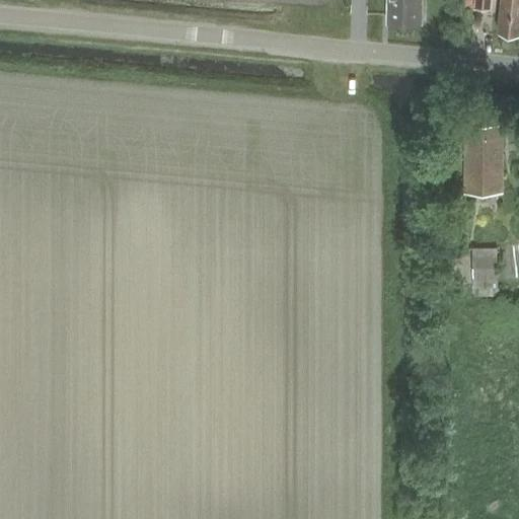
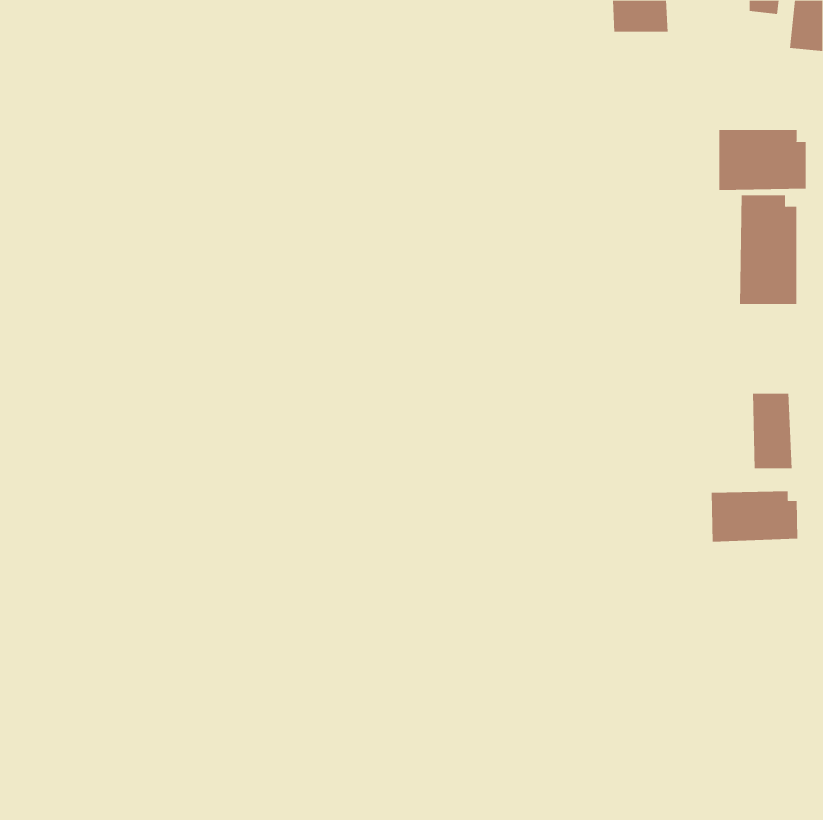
building: none -> [719,129,806,191]
building: none -> [711,490,798,542]

